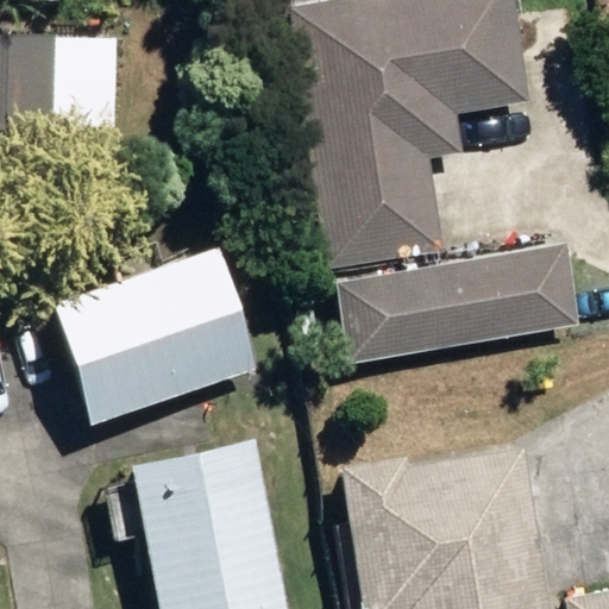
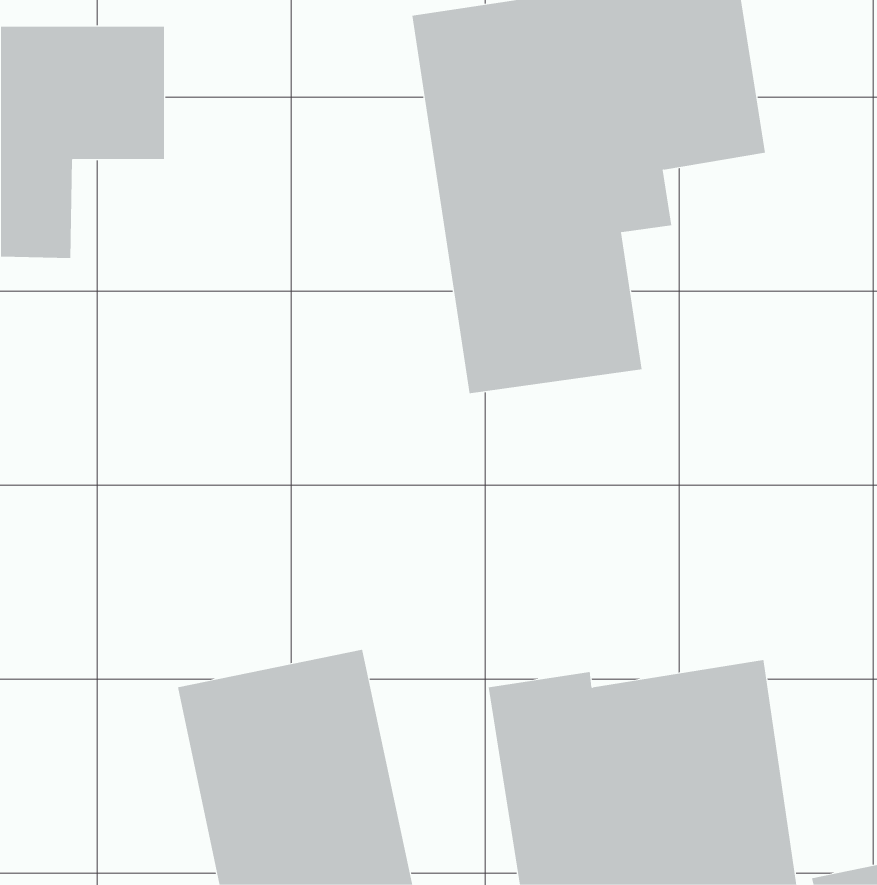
building: [327,233,573,356] -> none
building: [52,252,260,431] -> none

